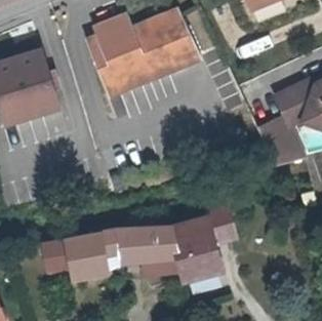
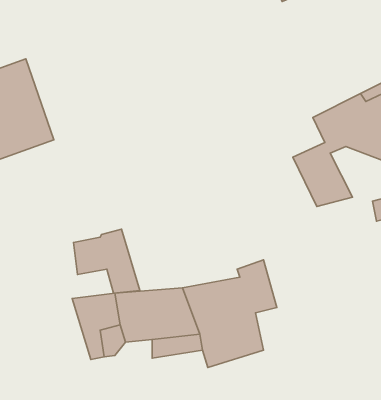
building: [82,12,197,94] -> none
building: [45,235,96,284] -> [74,229,140,293]

